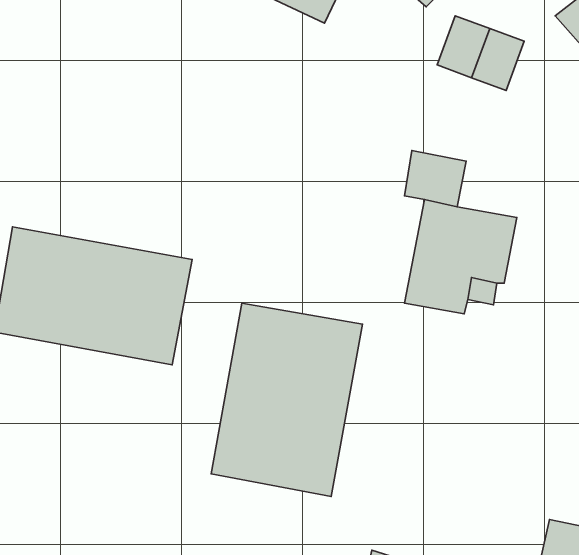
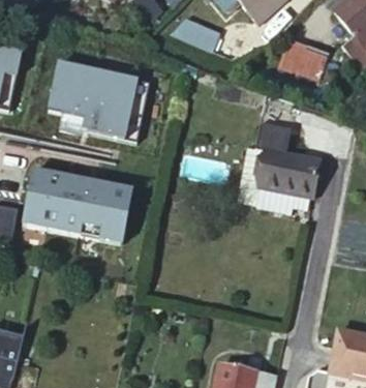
building: none -> [45,57,150,145]
building: [211,303,362,497] -> none

